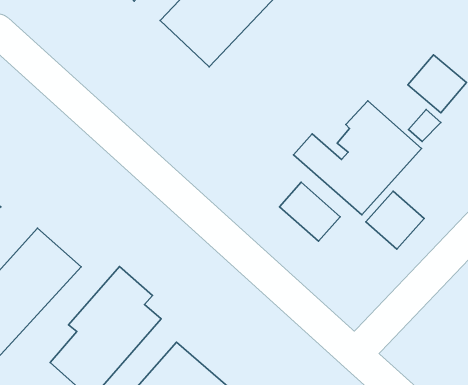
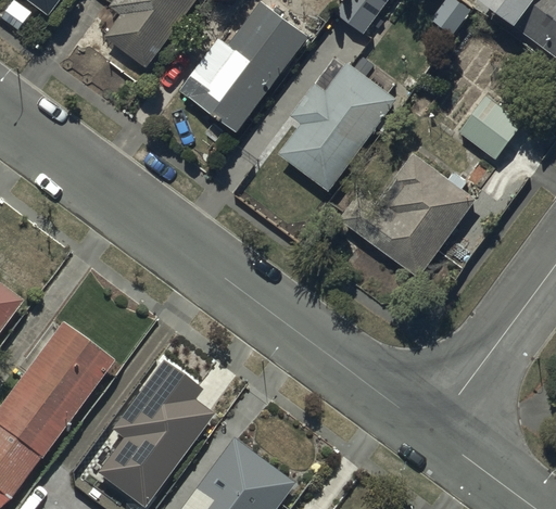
building: none -> [279,56,397,189]
building: [279,182,340,241] -> none
building: [366,191,424,249] -> none

